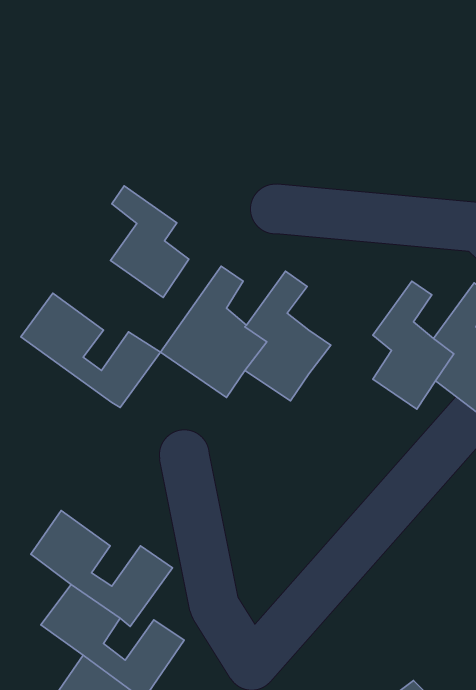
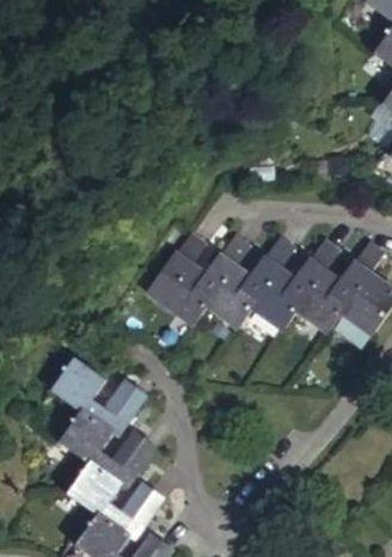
building: [111,186,189,298] -> none
building: none -> [251,240,310,332]
building: [21,293,161,408] -> [45,354,145,435]

